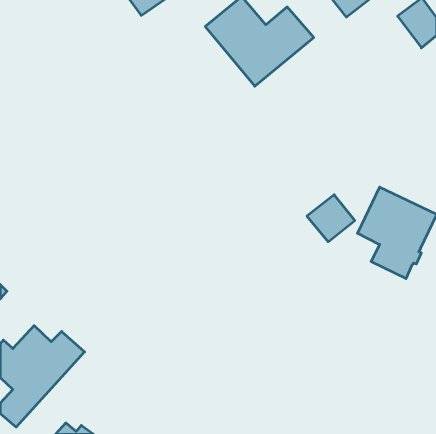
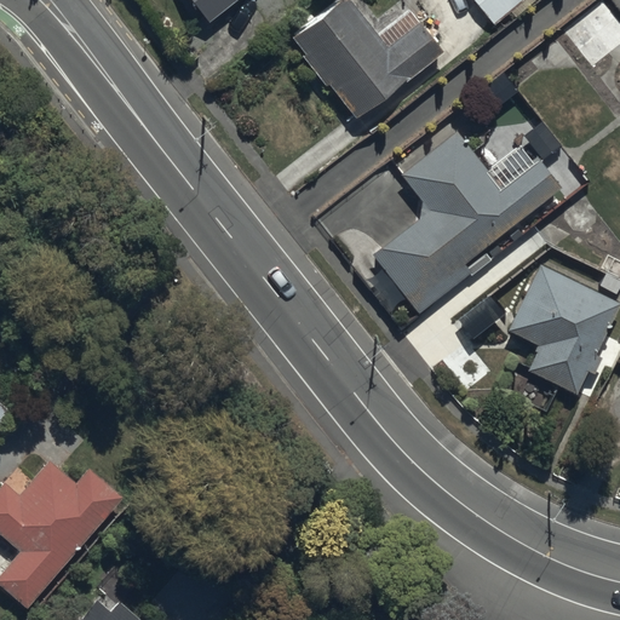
building: none -> [375,132,562,311]

